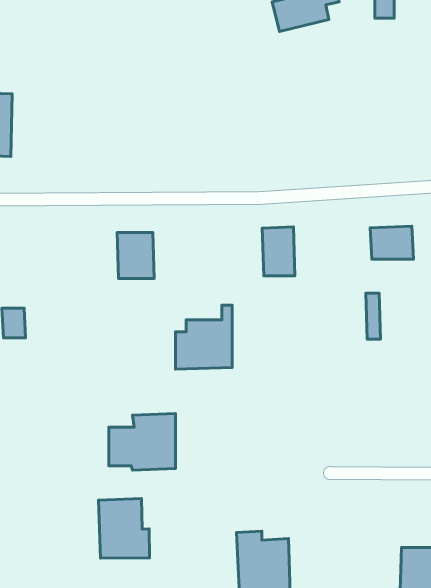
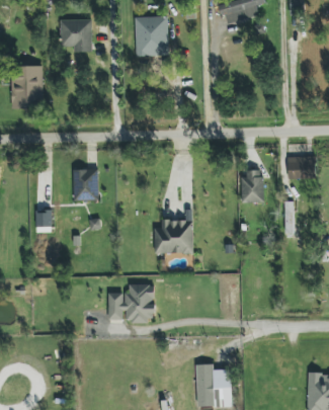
building: none -> [135,16,169,57]
building: none -> [61,19,92,52]
building: [262,227,295,276] -> [241,169,263,202]
building: [117,232,154,278] -> [73,169,98,200]
building: [98,498,149,558] -> none

